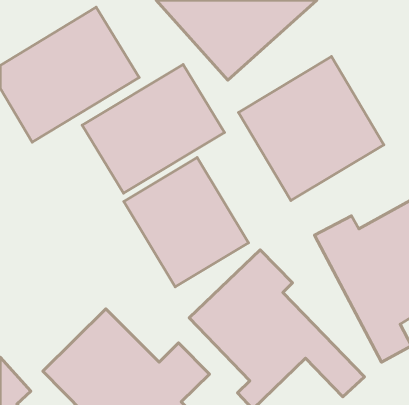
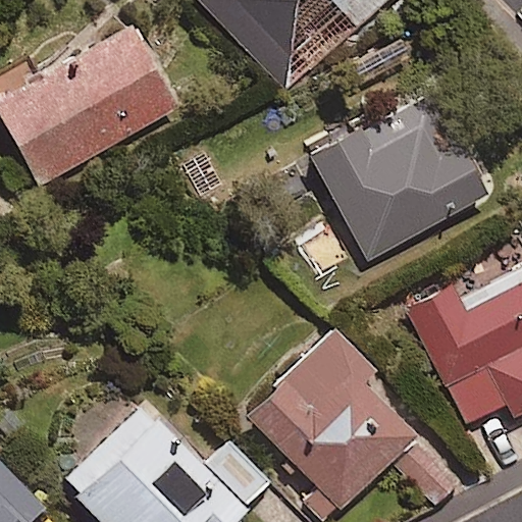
building: [82,65,224,193] -> none
building: [124,158,249,287] -> none

